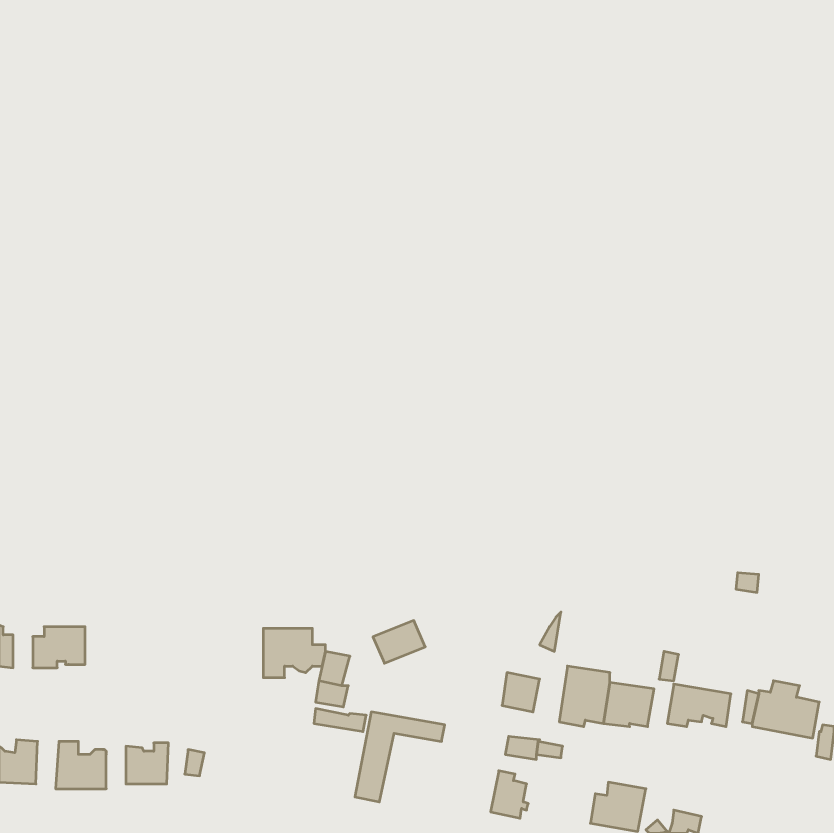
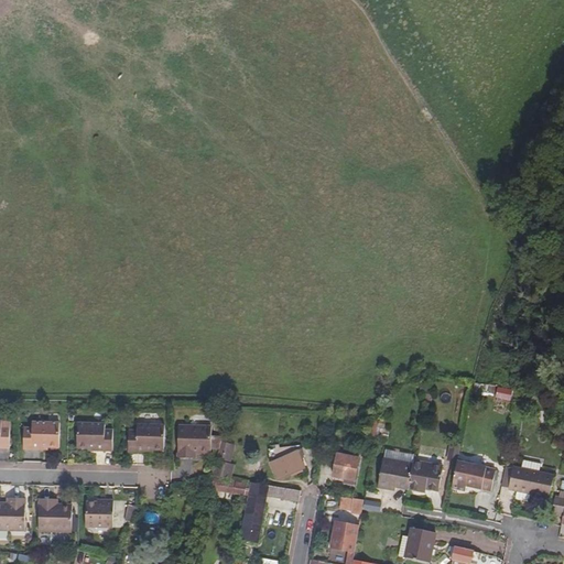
building: [373,621,425,663] -> [270,448,305,477]
building: none -> [75,423,111,449]
building: none -> [127,423,162,451]

